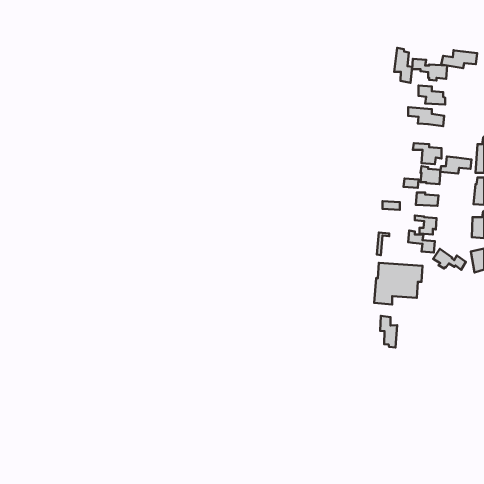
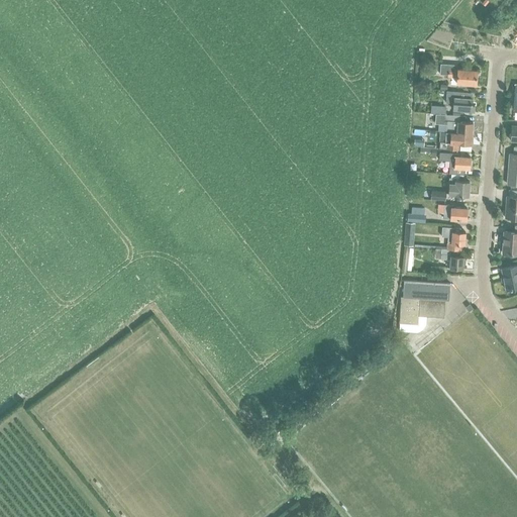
building: [394,48,412,83] -> none
building: [441,50,477,68] -> none
building: [440,157,472,174] -> [439,132,473,150]
building: [433,249,466,270] -> none
building: [380,316,397,348] -> none

